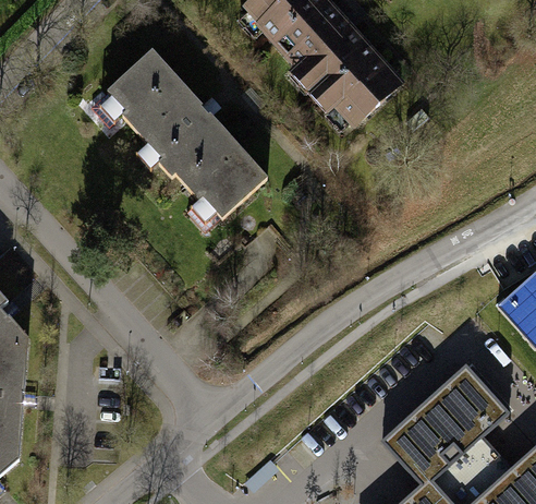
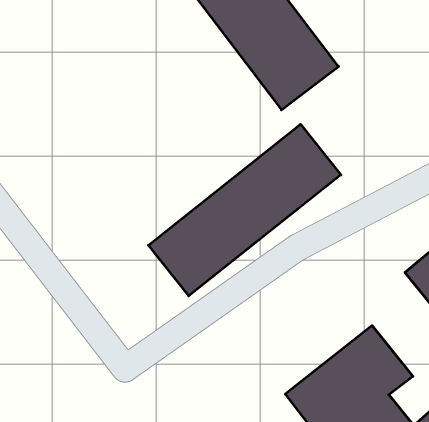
building: [105,50,266,218] -> none
building: none -> [148,124,341,296]

